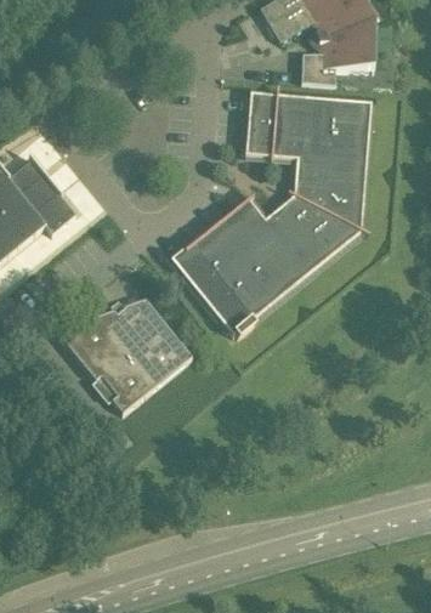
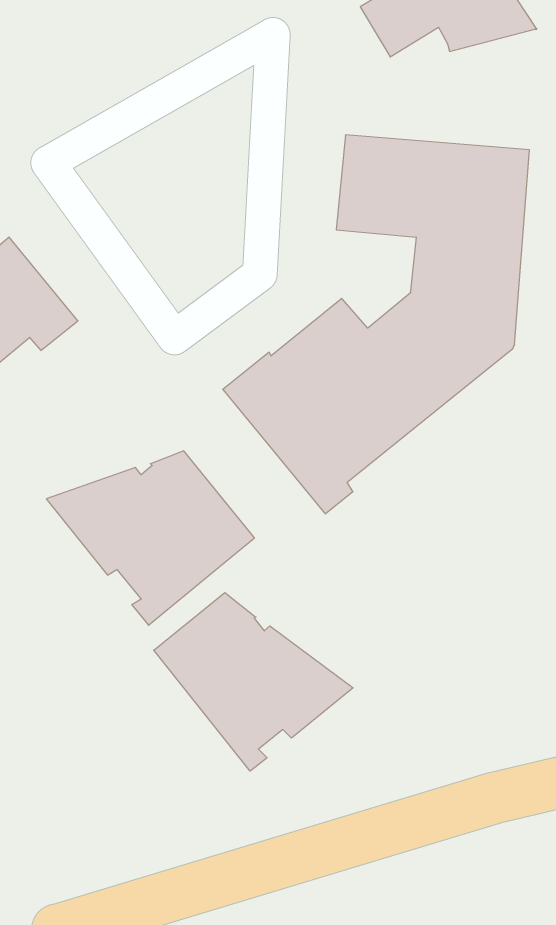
building: [301,22,374,84] -> none
building: none -> [154,593,353,771]

